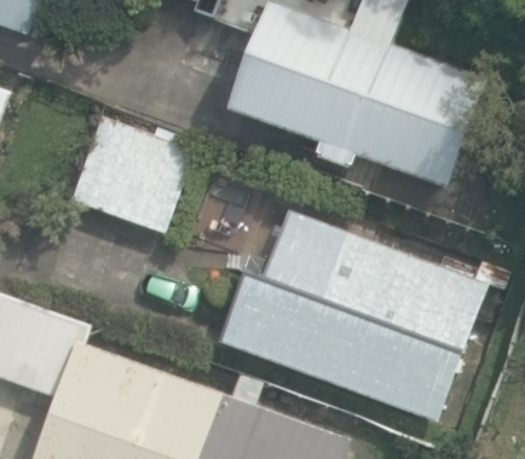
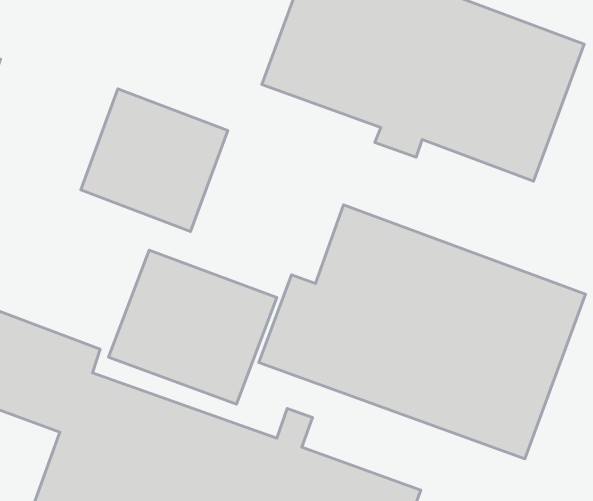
building: none -> [109,250,277,404]

